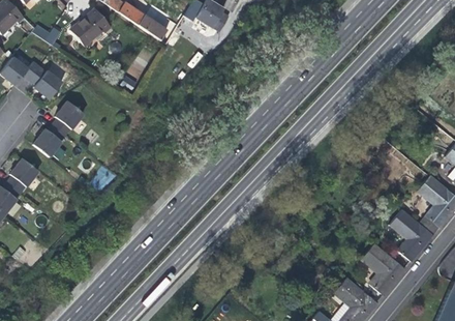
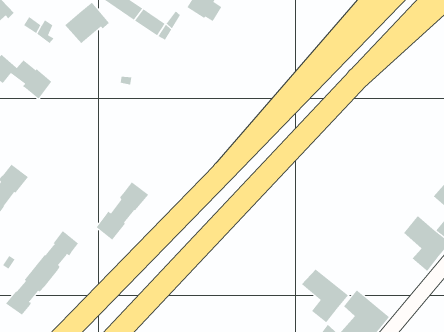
building: [33,101,83,156] -> [96,182,149,241]
building: none -> [5,230,79,316]
building: [359,241,403,292] -> [301,269,349,323]

